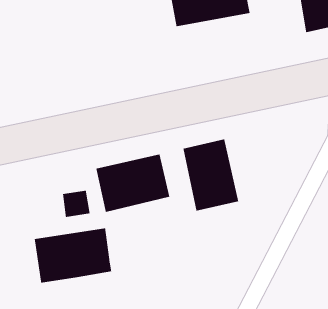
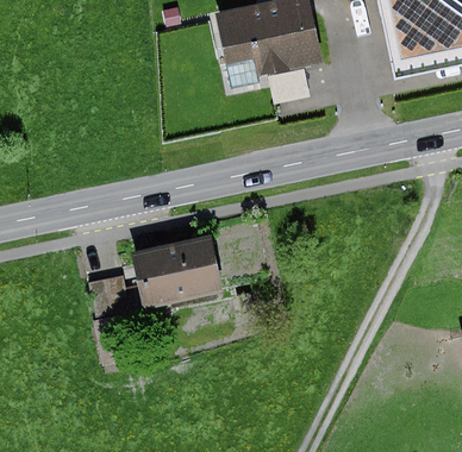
building: [183,139,239,212] -> none
building: [34,228,112,284] -> none

